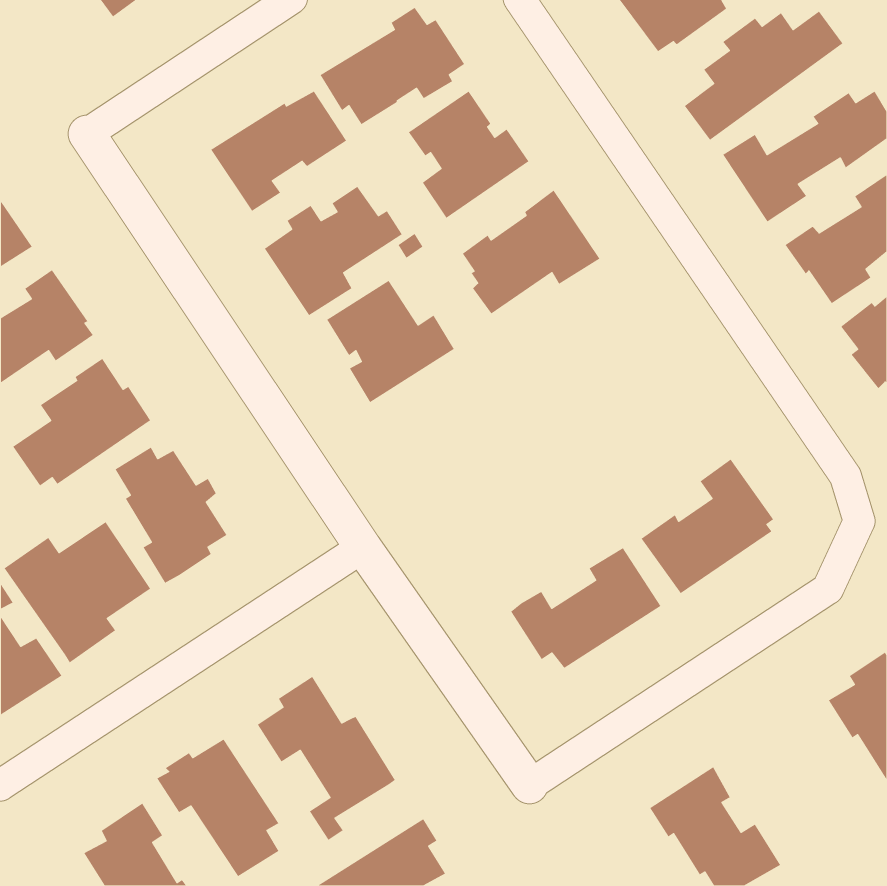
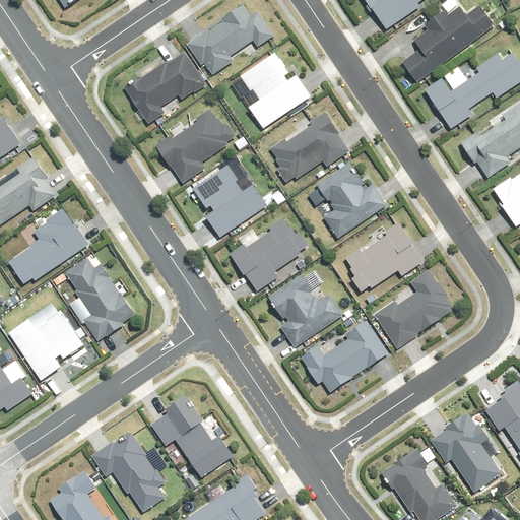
building: none -> [313,162,388,238]
building: none -> [228,217,309,294]
building: none -> [345,223,422,296]
building: none -> [268,277,342,346]
building: none -> [429,411,500,491]

